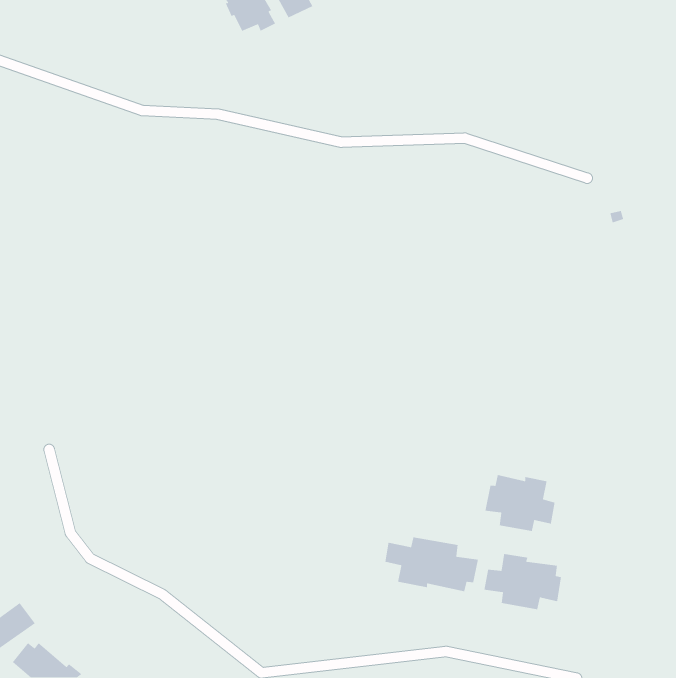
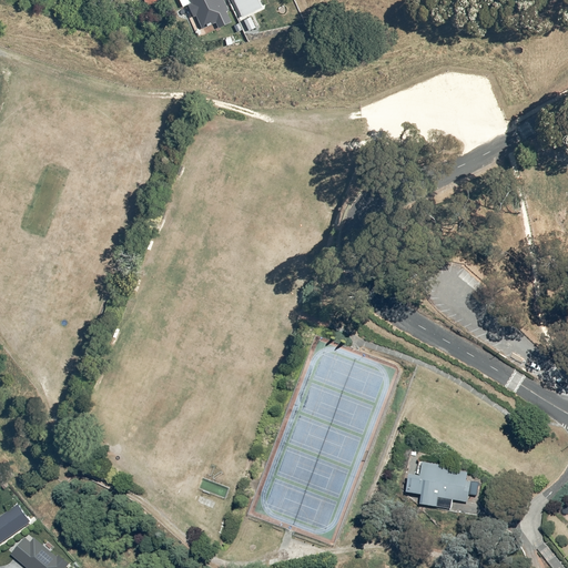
building: [485,474,555,532] -> none
building: [385,536,479,592] -> none

